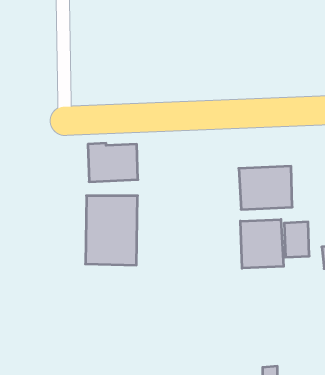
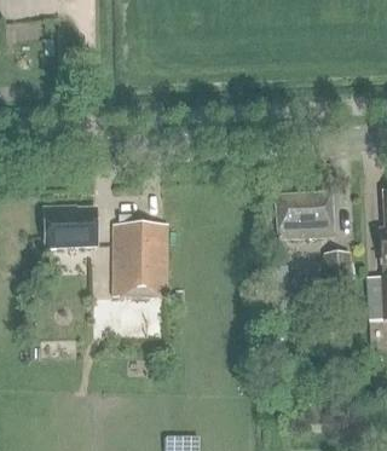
building: [88,143,138,182] -> [42,206,96,247]
building: [240,219,284,268] -> none

